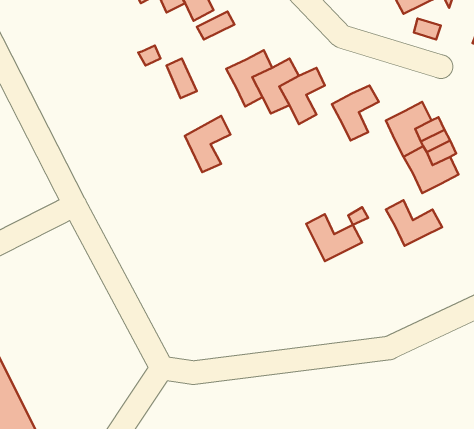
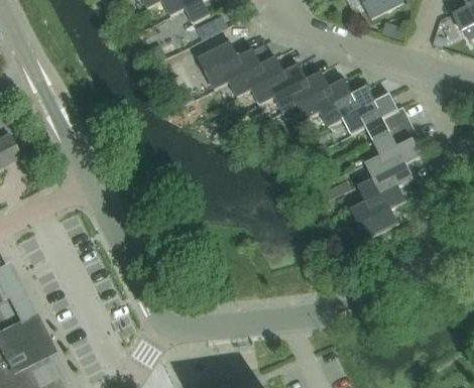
building: none -> [288,71,328,119]
building: none -> [334,86,373,134]
building: [185,116,230,172] -> [198,40,237,89]
building: none -> [364,154,412,195]
building: [306,214,362,261] -> [349,200,397,240]

